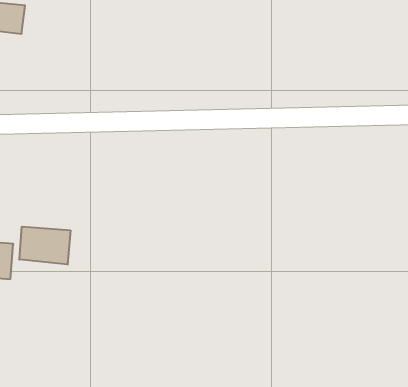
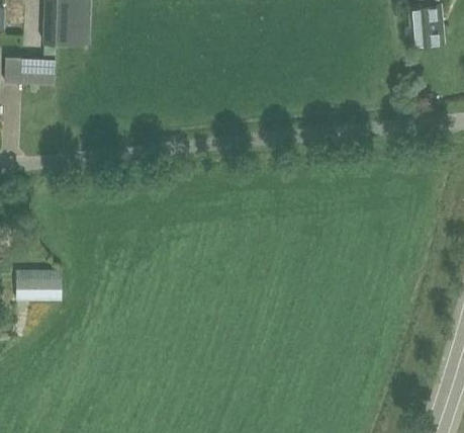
building: [19,227,70,265] -> none

